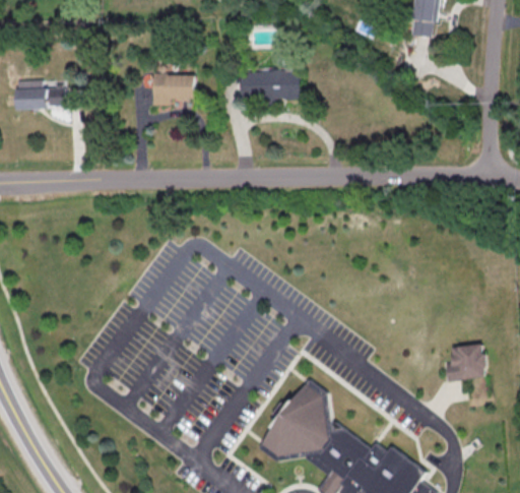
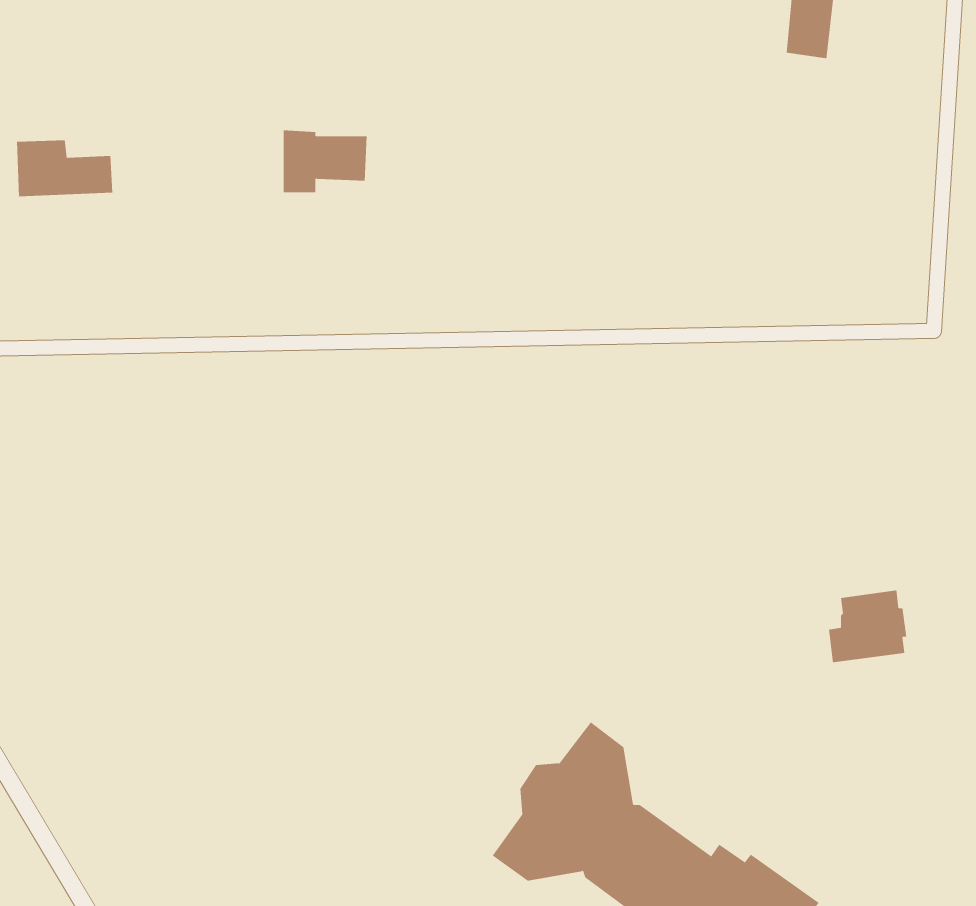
building: [238,70,298,99] -> none
building: [449,348,490,385] -> [828,590,907,663]

